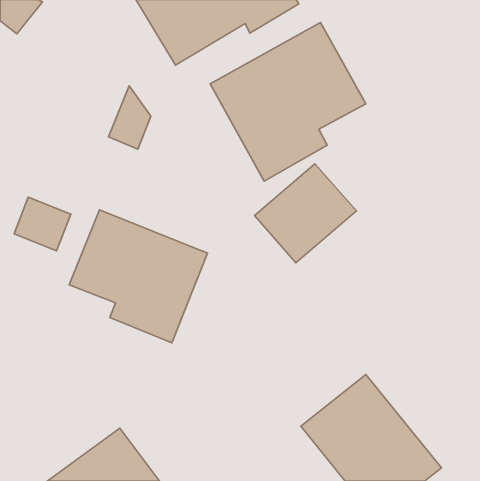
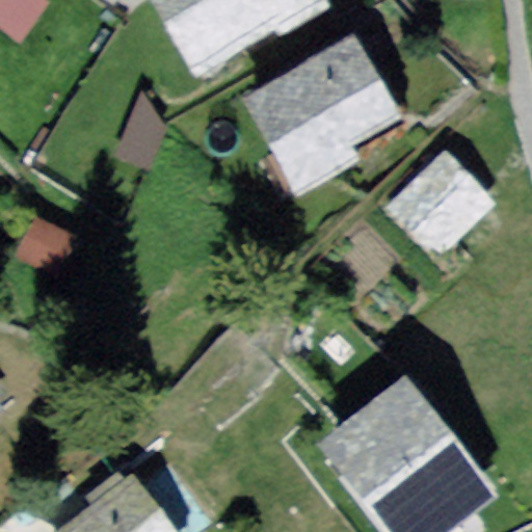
building: [254,164,356,263] -> [383,150,496,259]
building: [69,210,208,343] -> none

